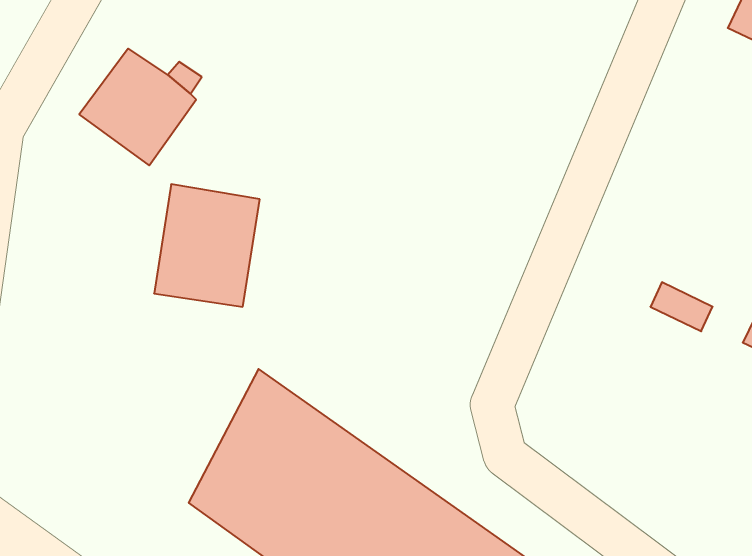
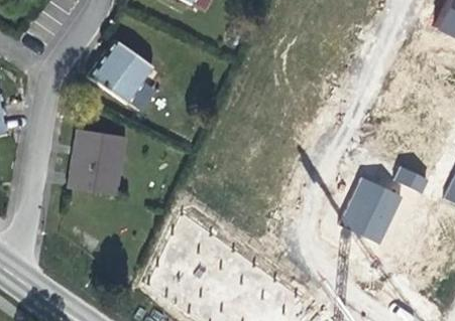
building: [154,184,260,307] -> [68,130,124,195]
building: none -> [340,176,403,243]

